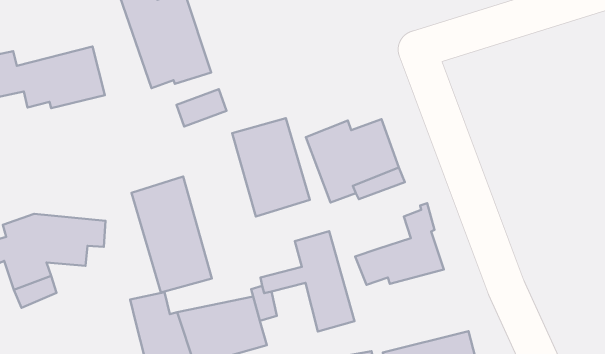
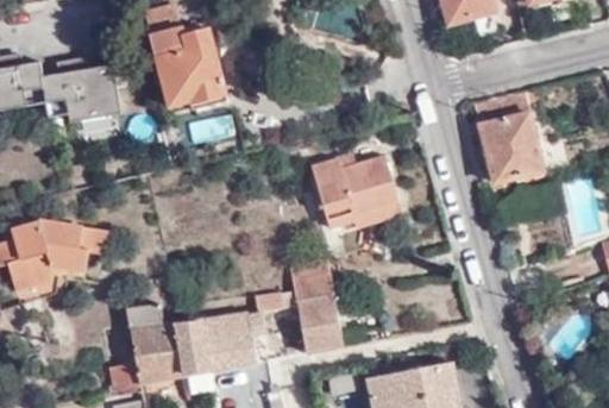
building: none -> [475,90,542,184]
building: [232,118,310,216] -> none
building: [132,177,212,293] -> none
building: [355,203,444,285] -> none

